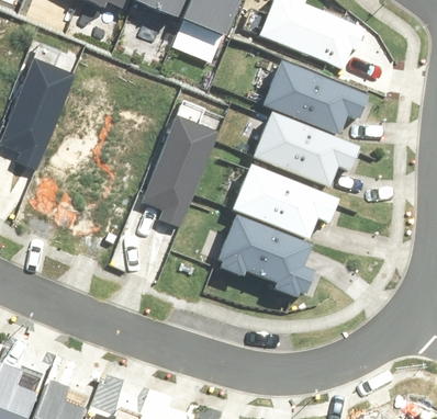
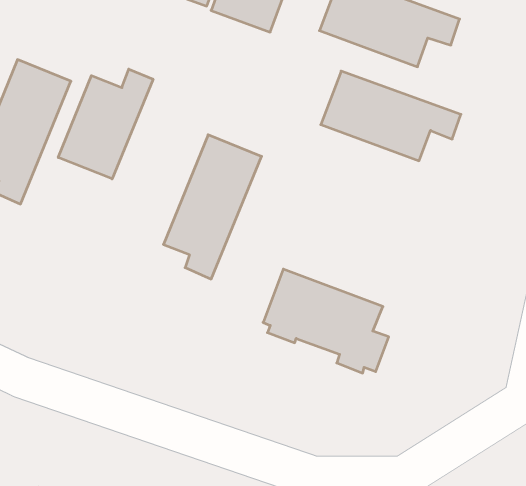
building: none -> [58,69,153,179]
building: [255,114,360,182] -> none
building: [234,166,340,234] -> none

